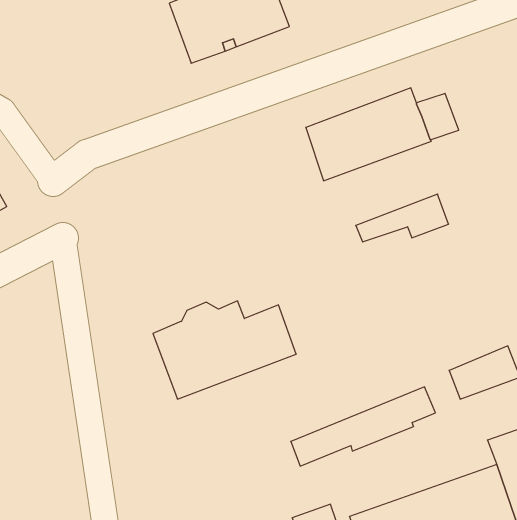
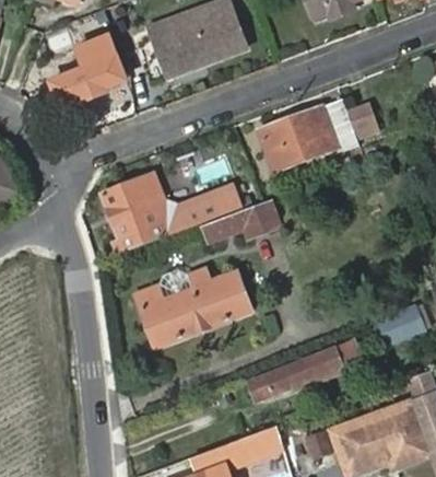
building: none -> [52,38,122,104]
building: none -> [102,173,240,253]
building: [356,194,449,242] -> [203,202,278,241]

